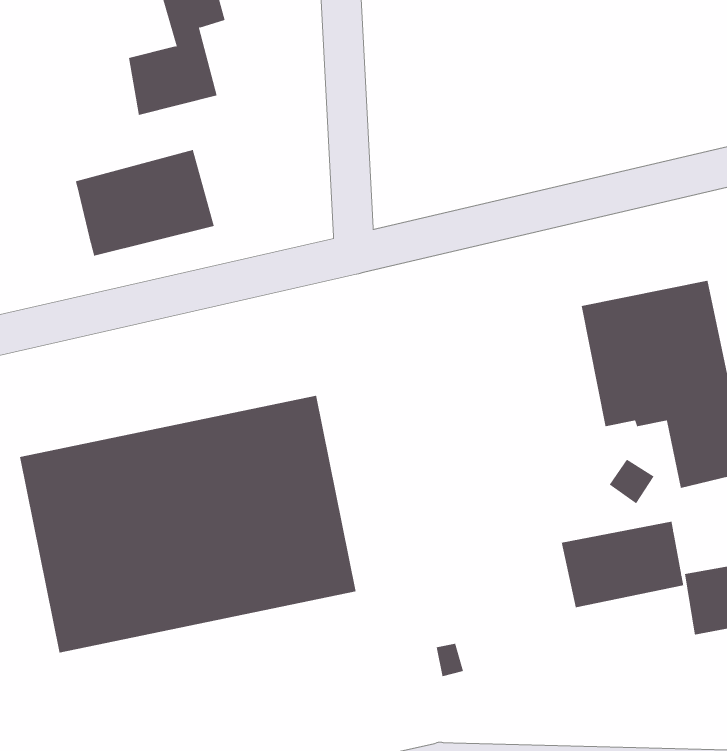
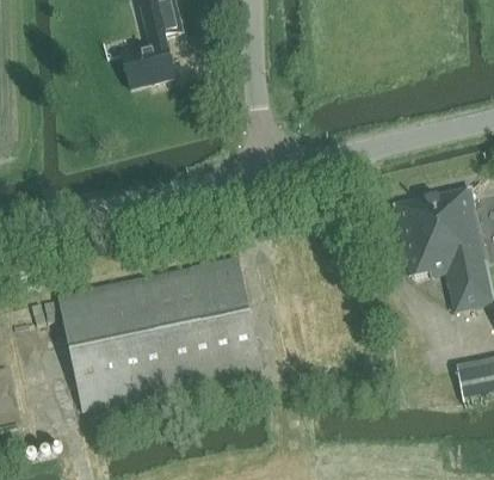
building: [75,149,214,257] -> none
building: [561,521,684,608] -> none

